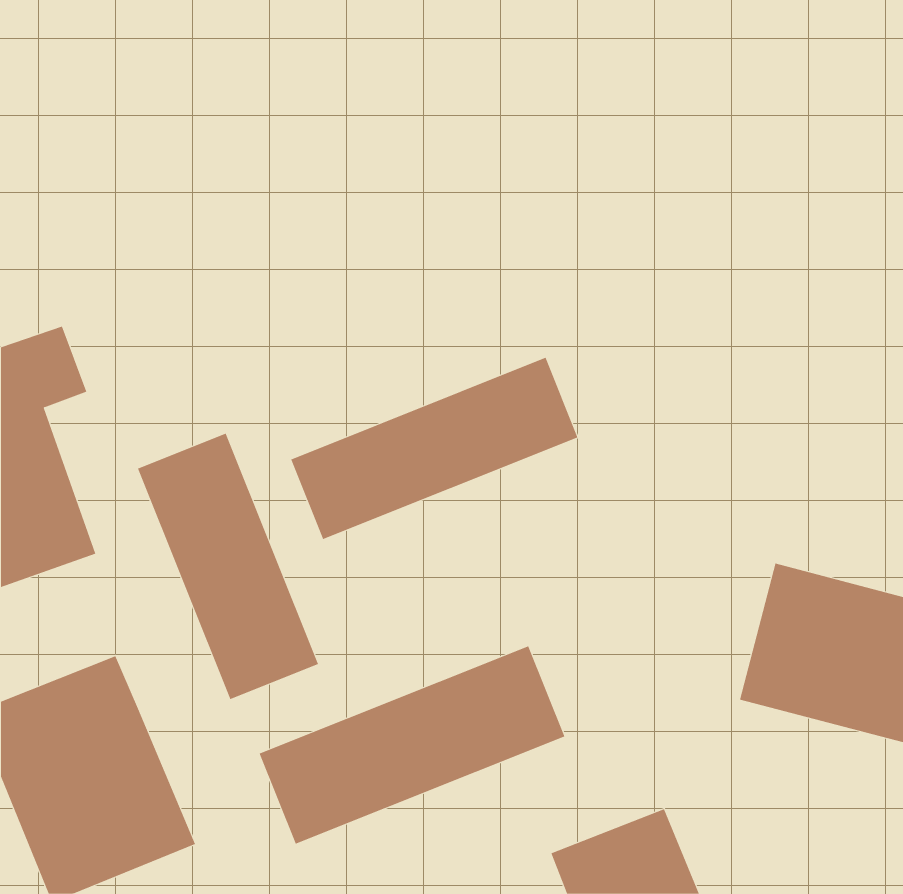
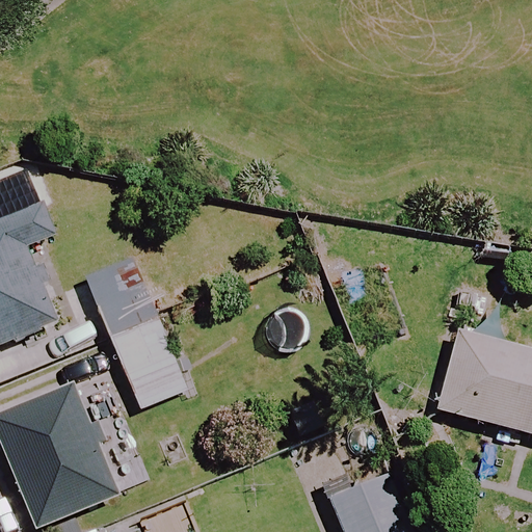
building: [291,357,578,540] -> none
building: [259,645,565,845] -> none

